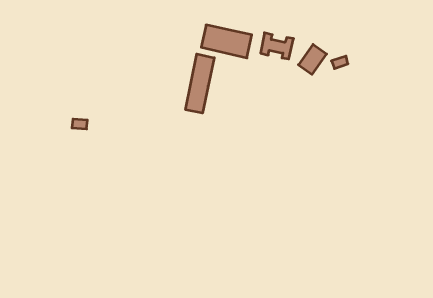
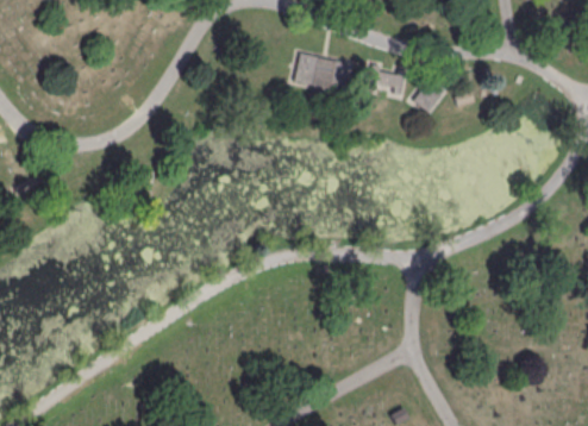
building: [186,54,214,113] -> none

